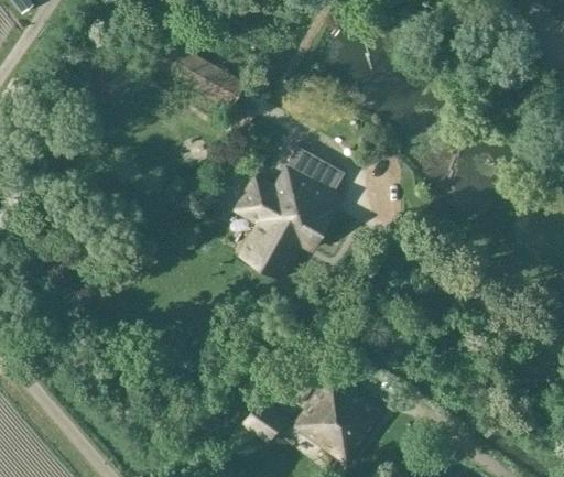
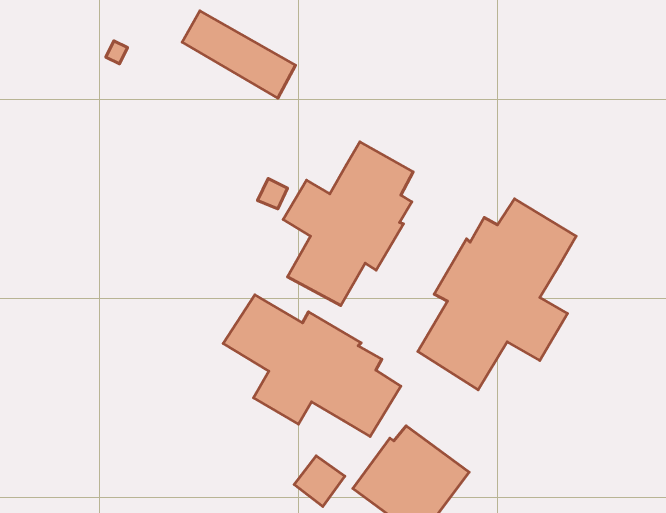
building: none -> [418,199,576,390]
building: none -> [223,295,401,436]

